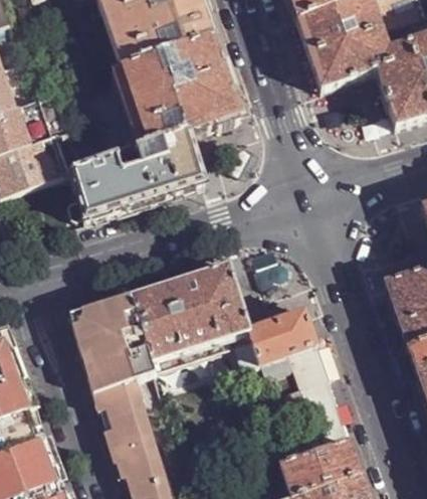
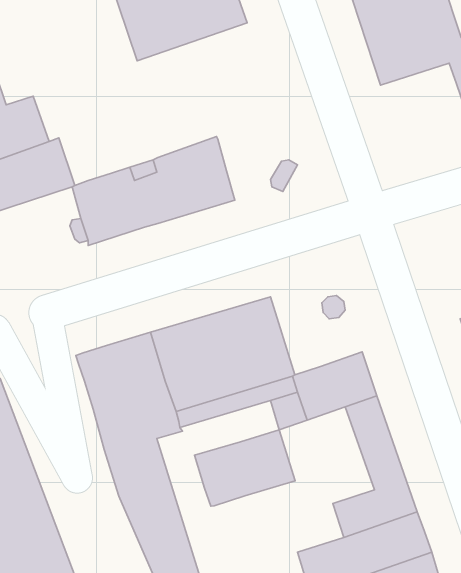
building: [112,37,238,148] -> none
building: none -> [195,430,295,506]

